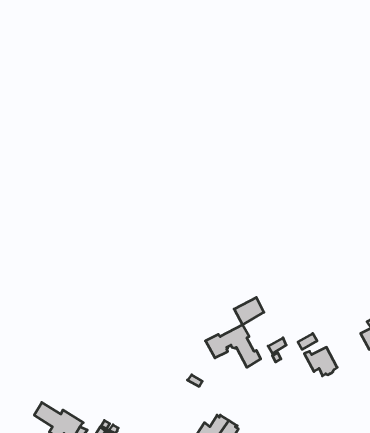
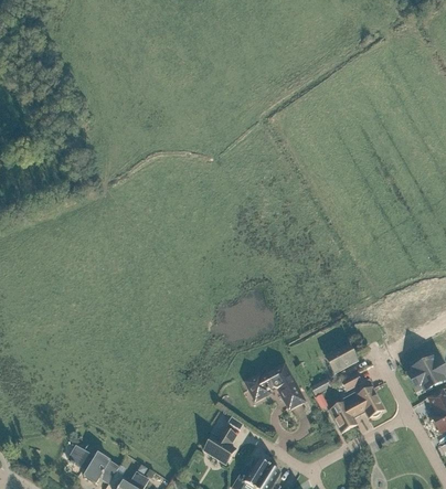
building: [234,297,264,325] -> [326,343,357,372]
building: none -> [329,394,359,432]
building: none -> [204,427,236,464]

